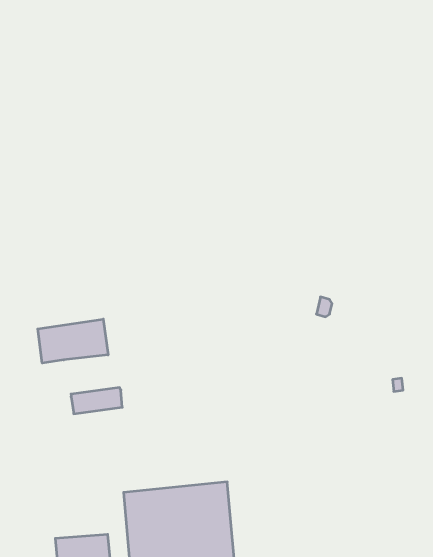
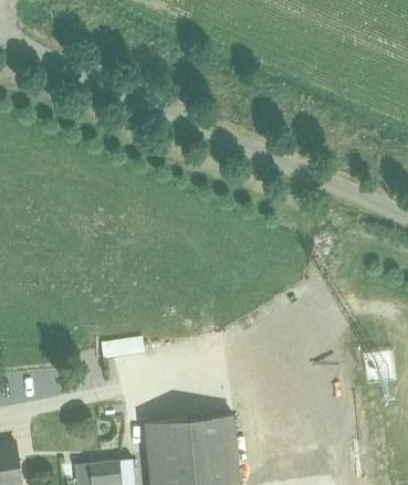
building: [38,319,108,363] -> none

